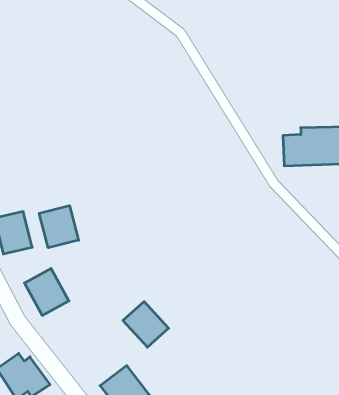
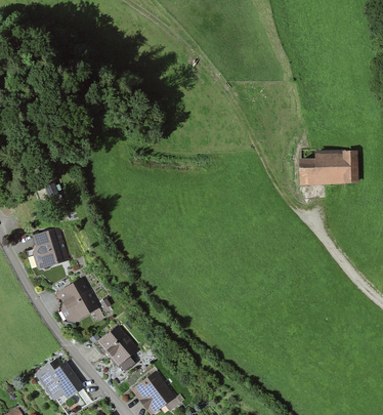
building: [39,206,79,248] -> none
building: [123,302,169,347] -> [99,325,141,367]

